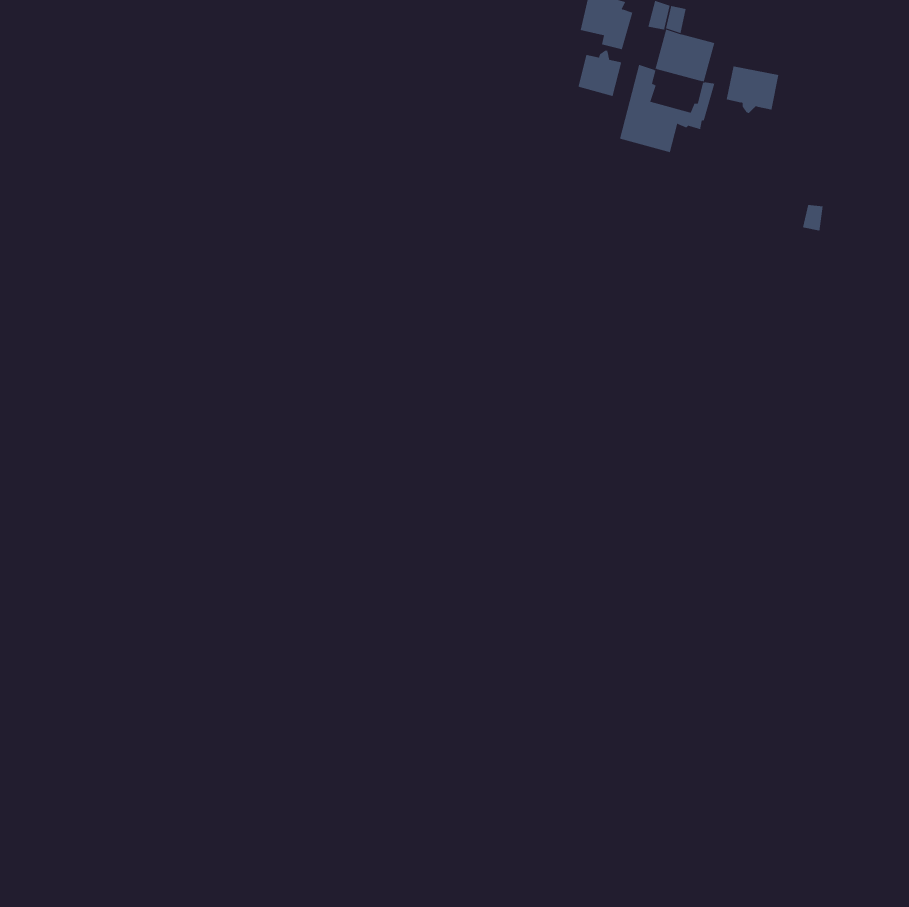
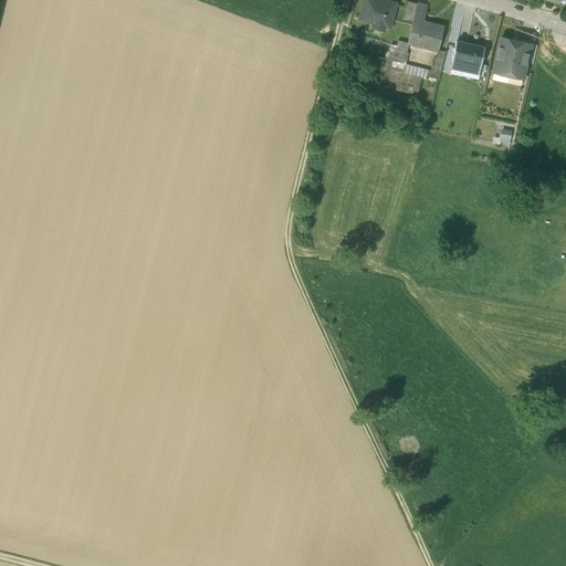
building: [578,50,622,97] -> none
building: none -> [493,38,531,78]

